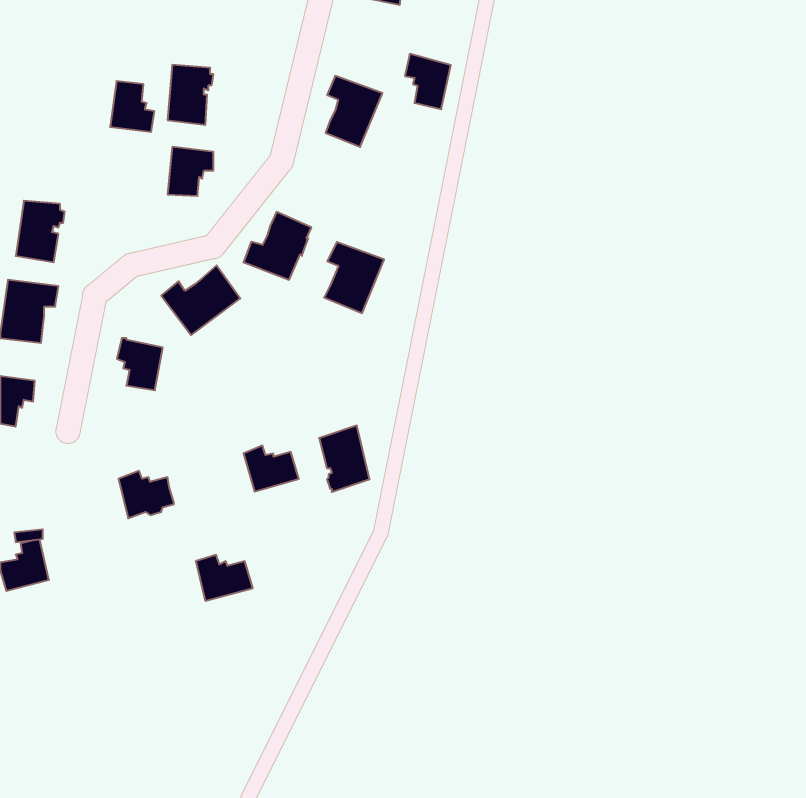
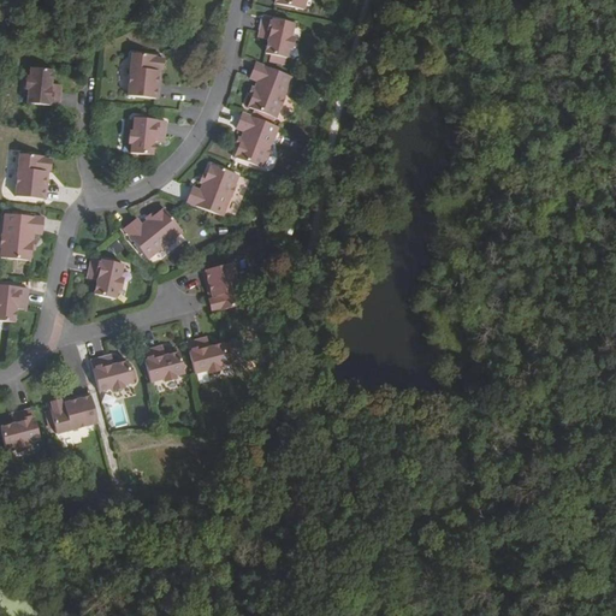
building: [405,54,451,109] -> [259,11,294,53]
building: [110,81,154,132] -> [28,69,61,107]
building: [324,242,384,313] -> [235,109,280,164]
building: [319,426,370,492] -> [202,261,241,312]
building: none -> [47,396,97,438]
building: [196,555,253,601] -> [142,349,185,384]

